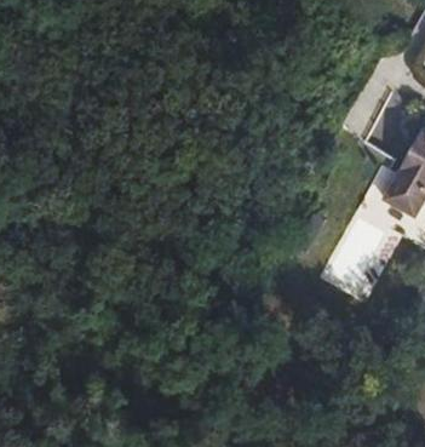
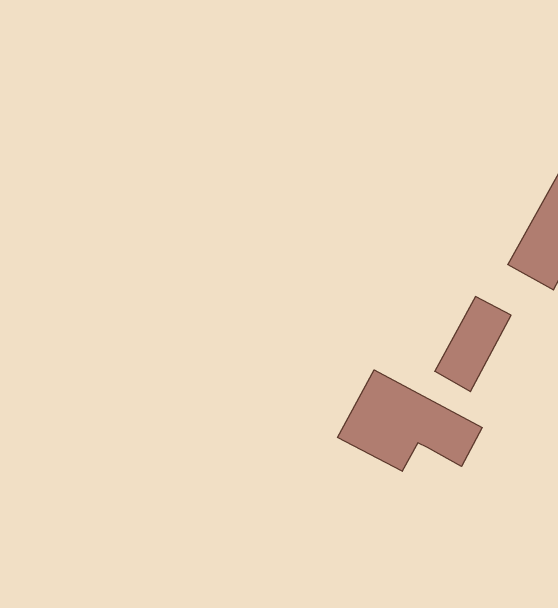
building: none -> [338,370,482,471]

